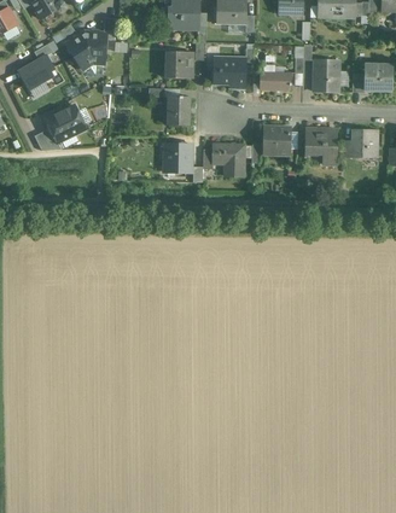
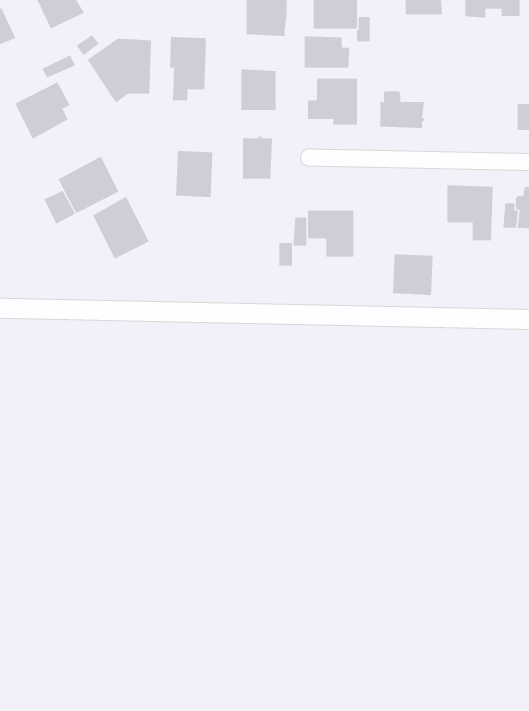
building: none -> [304,36,350,68]
building: none -> [169,36,206,101]
building: [314,59,338,91] -> none
building: [263,126,291,153] -> [392,254,434,295]
building: none -> [92,196,149,259]
building: [165,141,191,173] -> [175,150,213,198]

